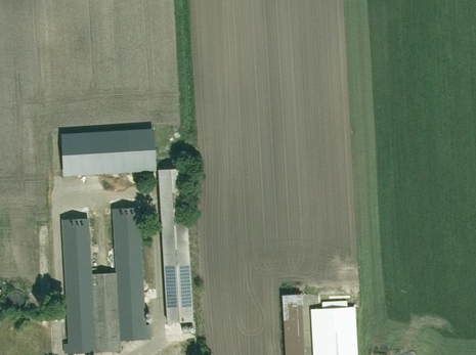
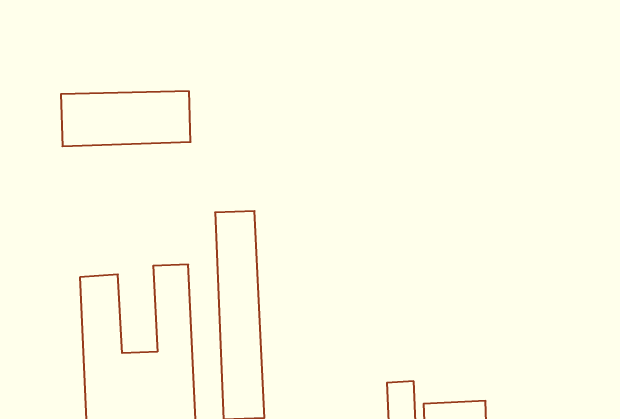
building: [56,132,150,172] -> [61,91,191,146]

